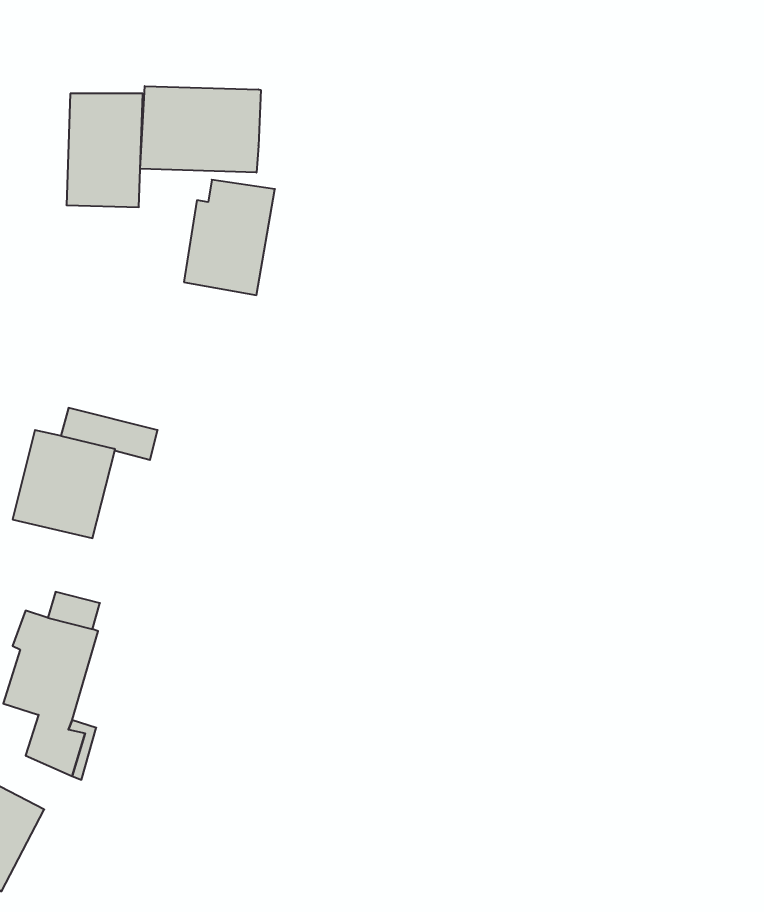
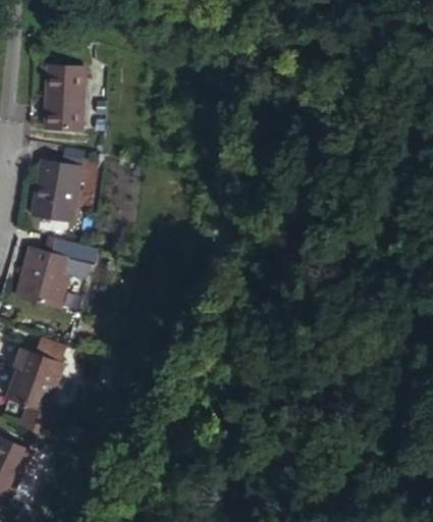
building: [140,86,261,173] -> none
building: [184,180,275,295] -> [34,158,84,221]

